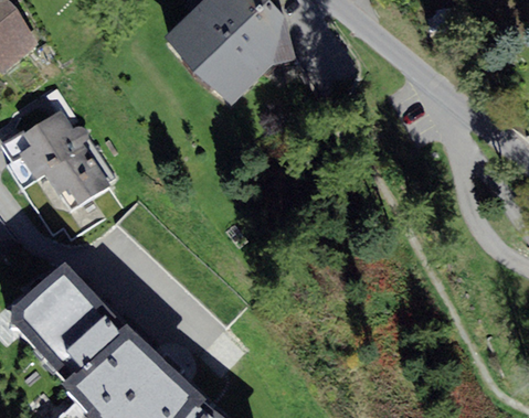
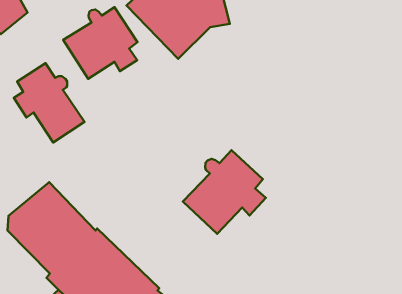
building: none -> [63,7,138,79]
building: none -> [183,150,266,234]

